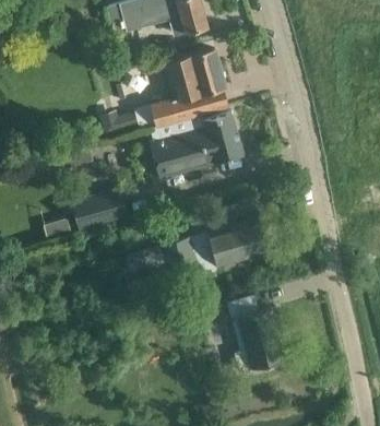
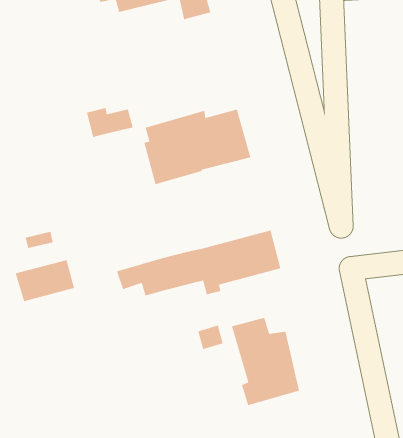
building: [152,50,227,126] -> none
building: [73,189,126,226] -> [15,259,75,302]

